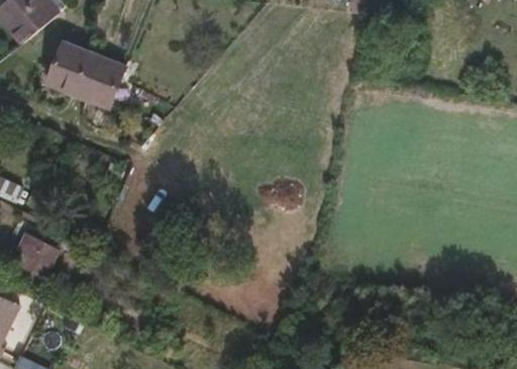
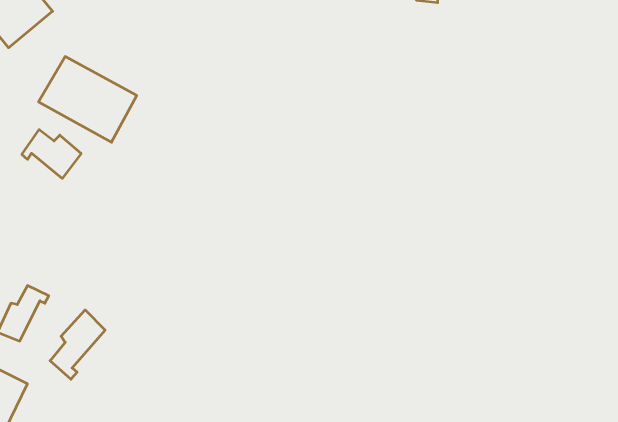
building: none -> [22,130,81,178]
building: none -> [50,310,105,379]

